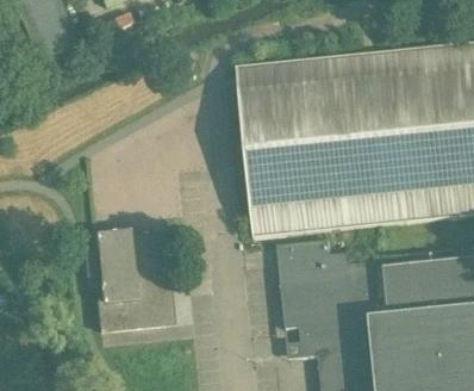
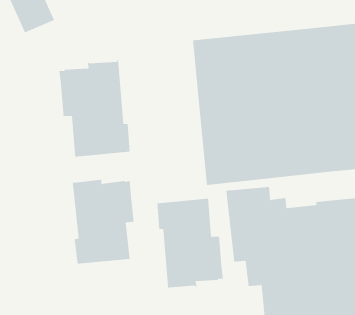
building: none -> [59,60,130,157]
building: none -> [157,198,223,290]

